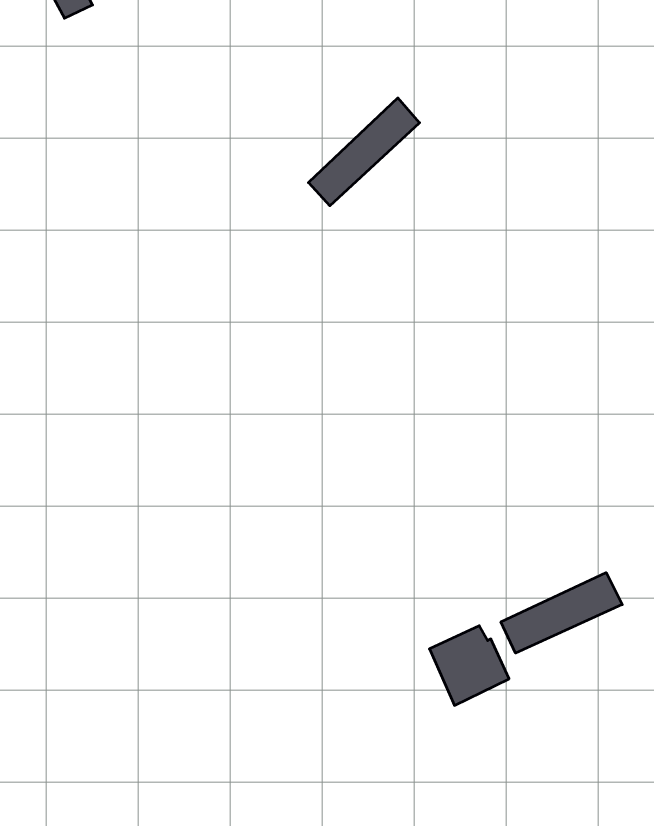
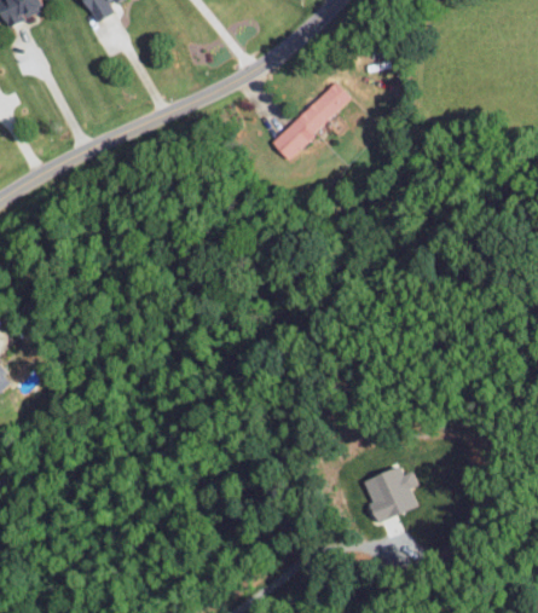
building: [501,573,622,653] -> none

